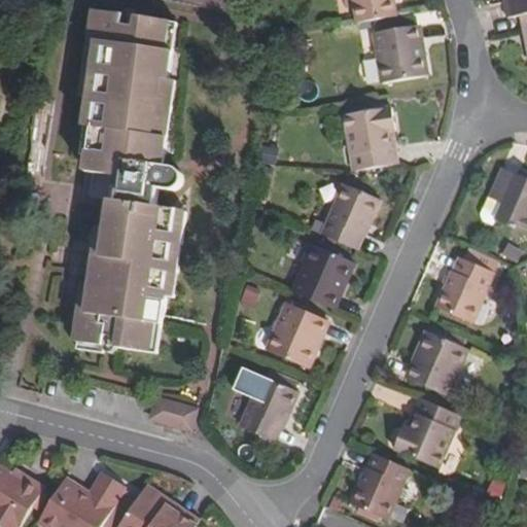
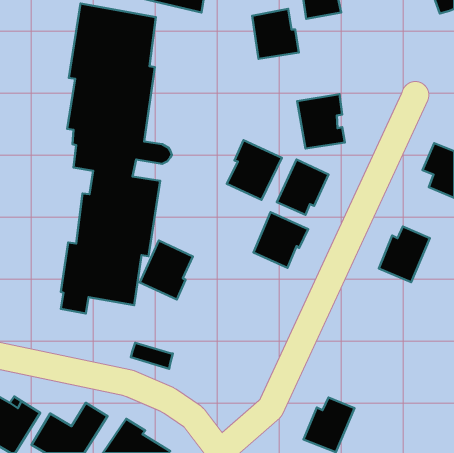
building: [374,26,427,83] -> [252,9,299,59]
building: none -> [227,140,282,200]
building: [265,302,325,370] -> [140,240,193,300]
building: [408,331,467,396] -> none
building: [238,378,296,443] -> none
building: [392,398,460,469] -> none

